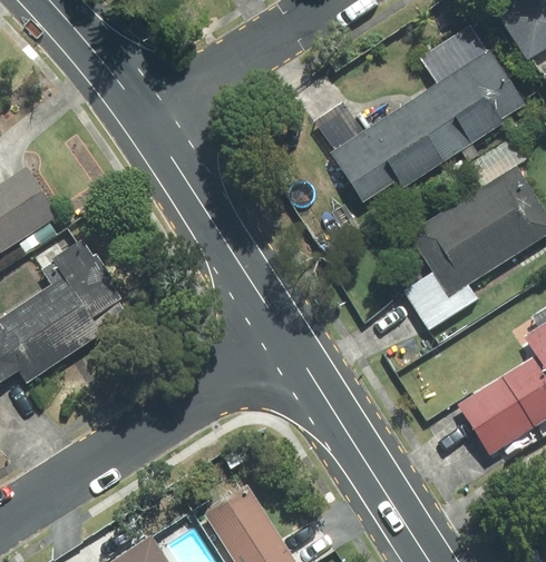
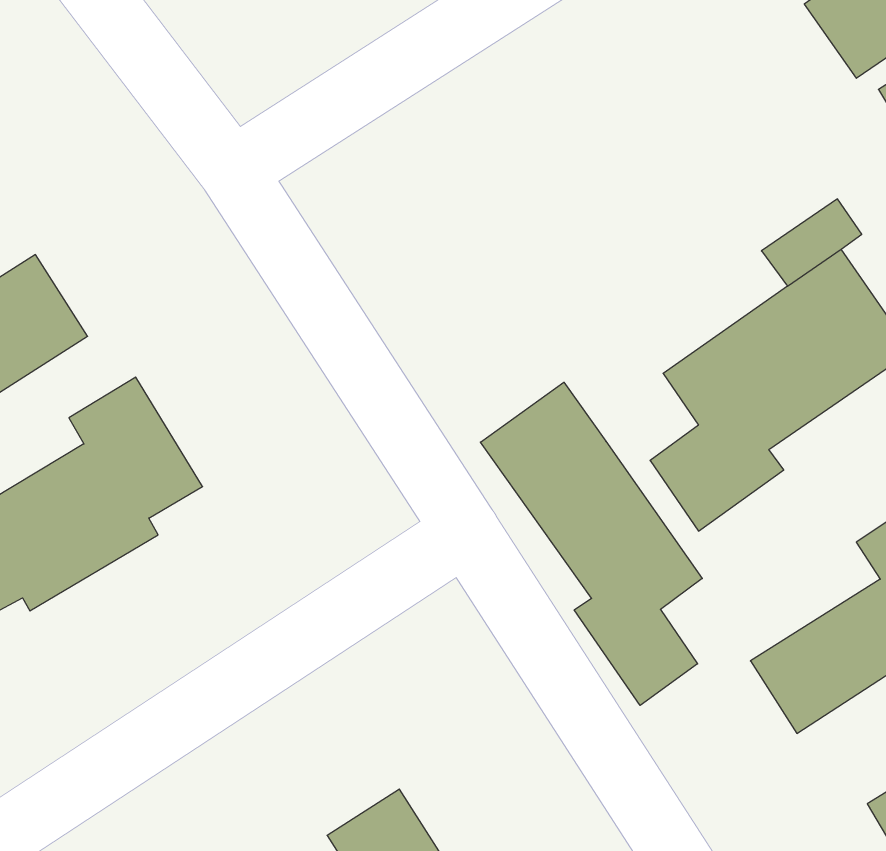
building: [330,23,524,203] -> none
building: none -> [480,382,702,705]

